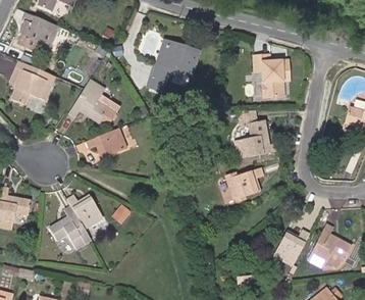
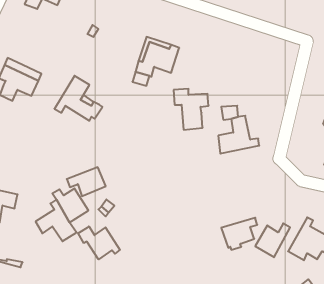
building: [23,13,58,46] -> none
building: [254,55,290,97] -> [174,89,209,130]
building: [87,129,126,158] -> [67,167,106,196]
building: [226,169,263,202] -> [221,218,257,250]
building: none -> [78,226,120,259]

